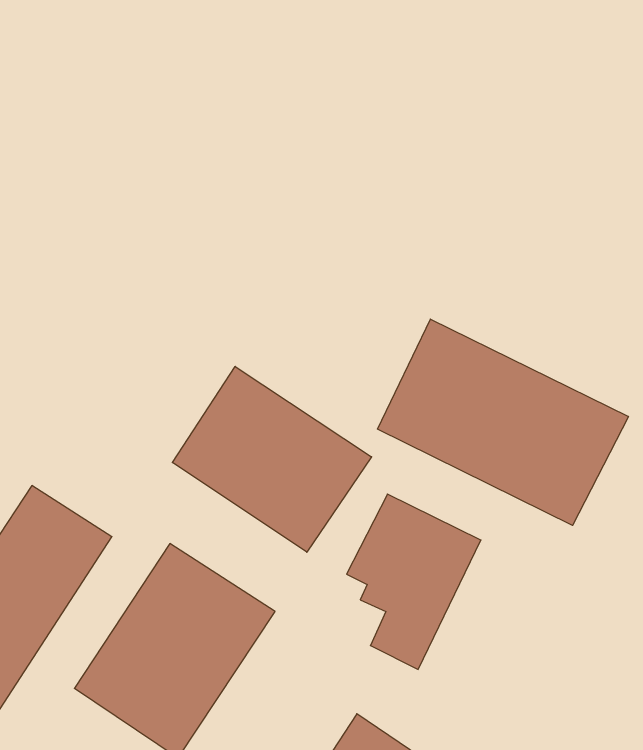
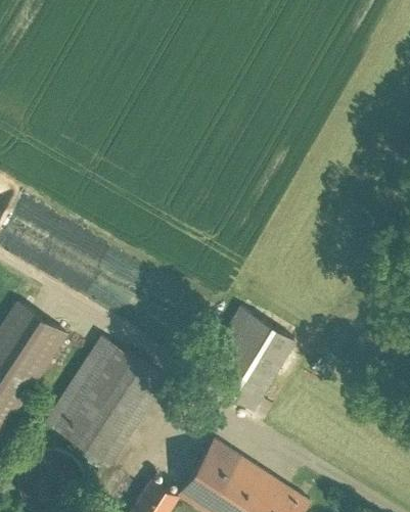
building: [378,319,628,525] -> none
building: [172,366,372,552] -> none

